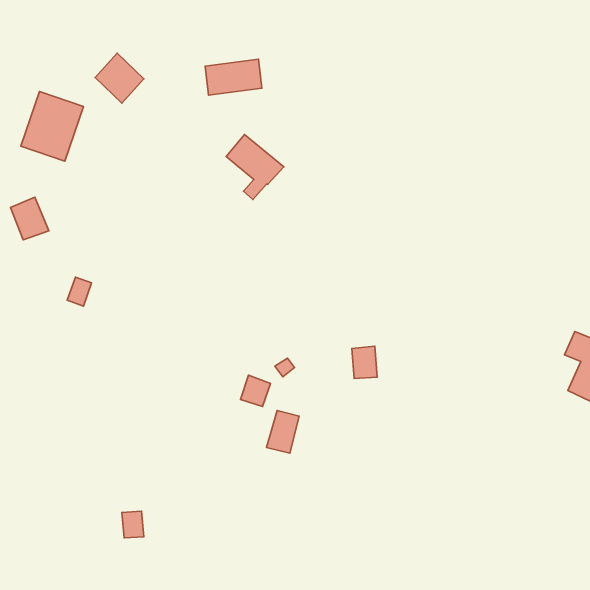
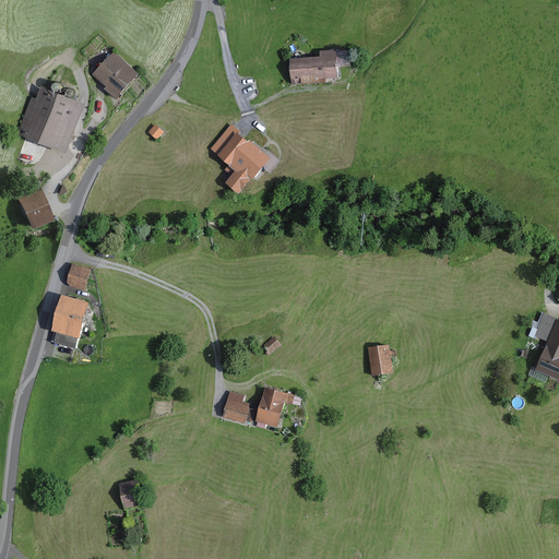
building: [205,59,262,95] -> [286,52,340,86]
building: none -> [50,293,87,338]
building: [352,346,377,378] -> [367,344,391,374]
building: [241,375,271,407] -> [223,394,251,424]

